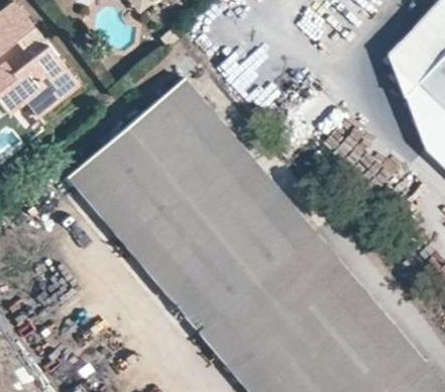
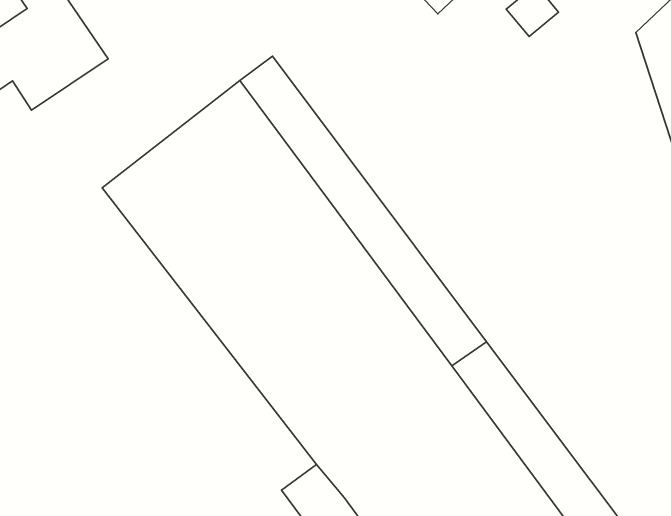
building: [64,160,215,328] -> none

